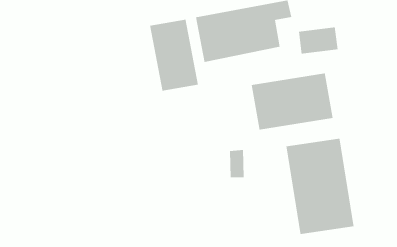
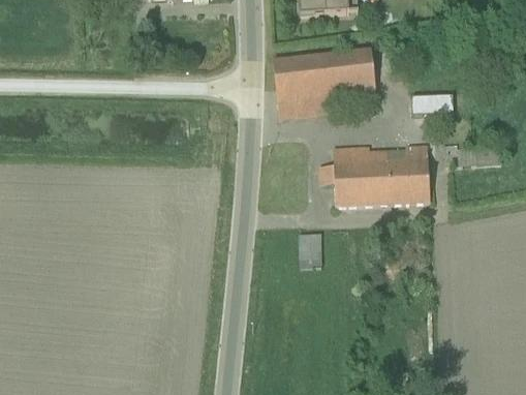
building: [150,19,199,92] -> none
building: [286,138,354,235] -> none

